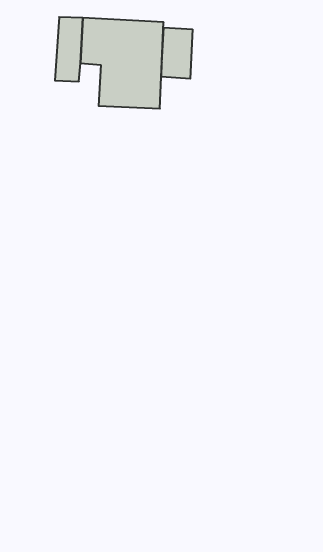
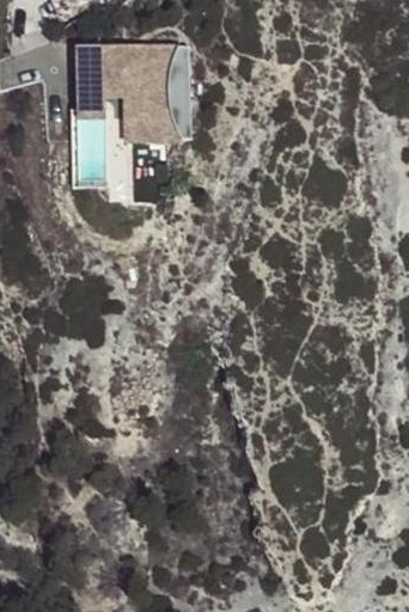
building: [162,27,192,79] -> none

